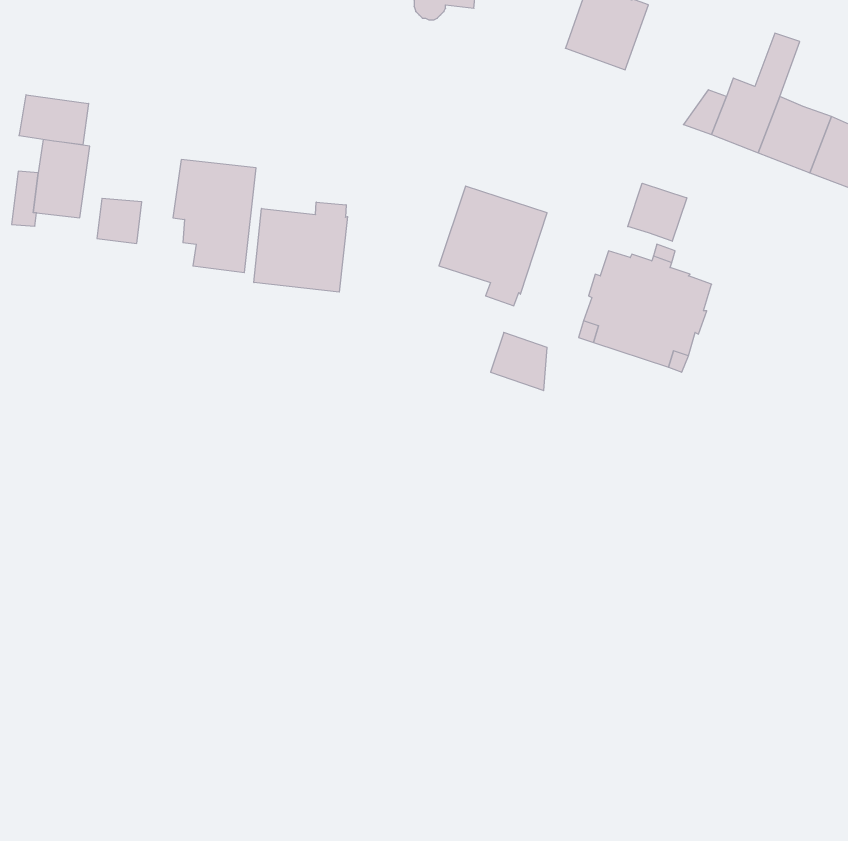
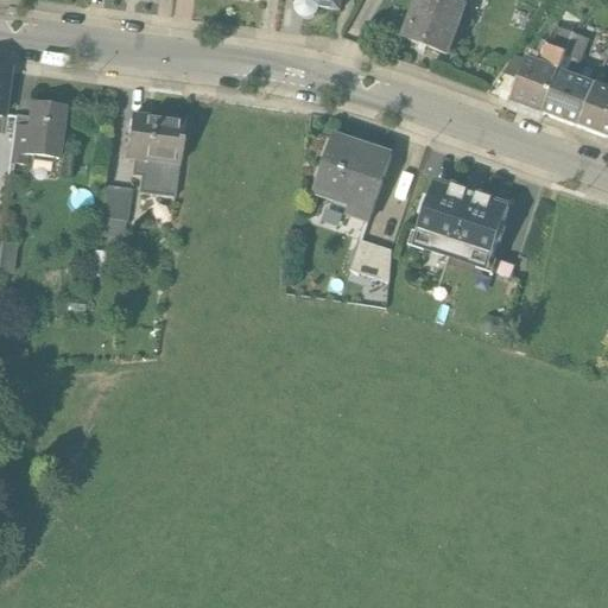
building: none -> [558,30,590,76]
building: [19,95,89,145] -> none
building: [628,183,687,241] -> none
building: [97,198,142,243] -> [99,186,131,218]
building: [254,202,348,292] -> none

